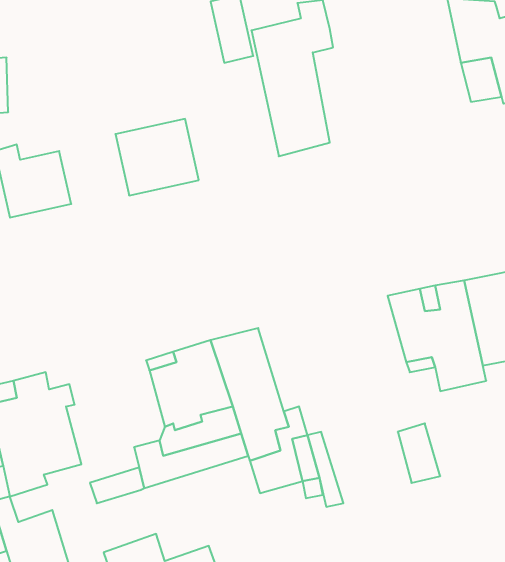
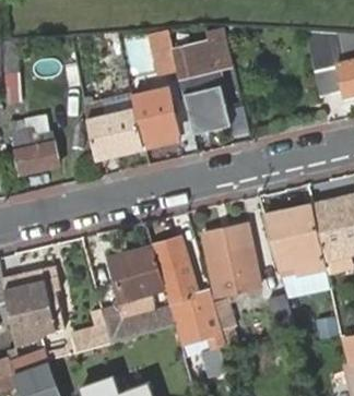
building: none -> [130,87,174,146]
building: none -> [202,226,259,290]

